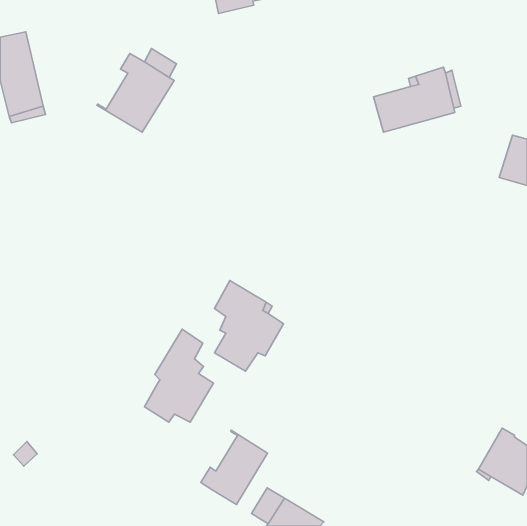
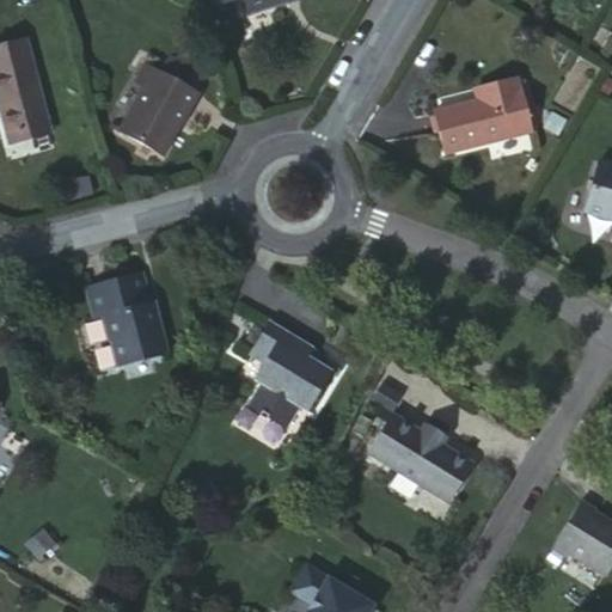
building: none -> [80,275,164,365]
building: [144,329,214,422] -> none
building: none -> [367,414,472,502]
building: [201,430,267,505] -> none

